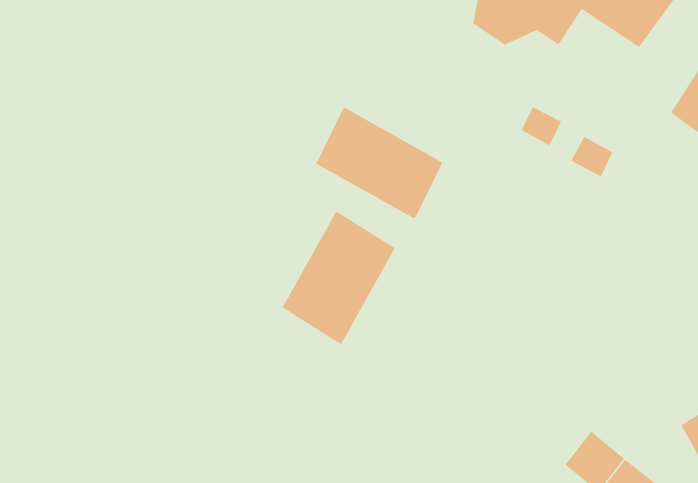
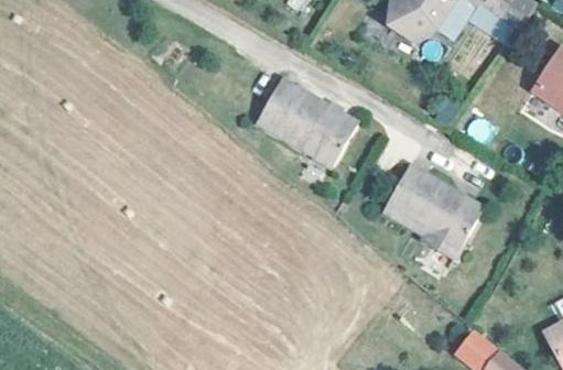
building: [282,210,396,345] -> none
building: none -> [387,167,486,259]

